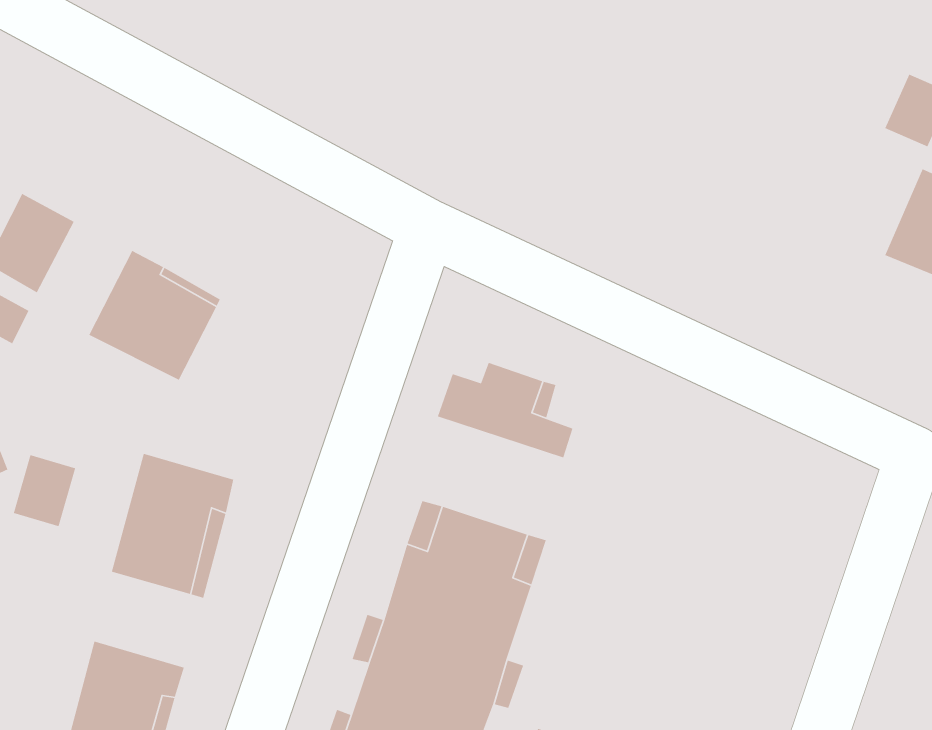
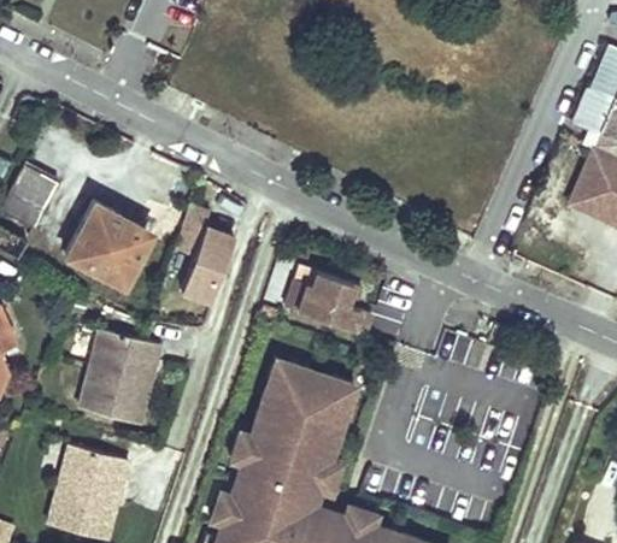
building: none -> [174,203,233,301]
building: [13,454,76,527] -> none

